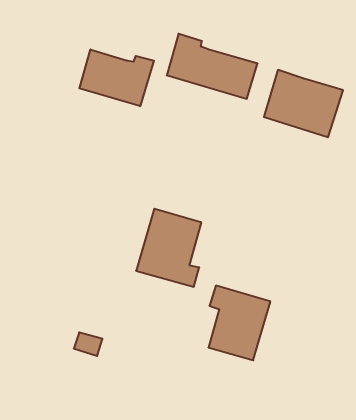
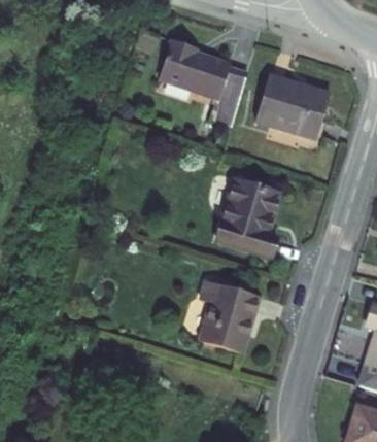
building: [79,49,154,106] -> none
building: [136,209,201,287] -> [218,178,281,253]

